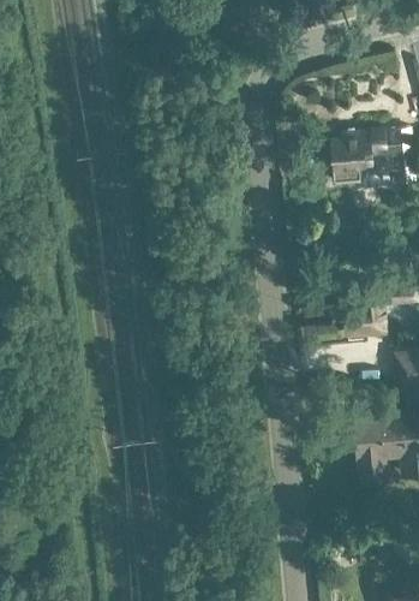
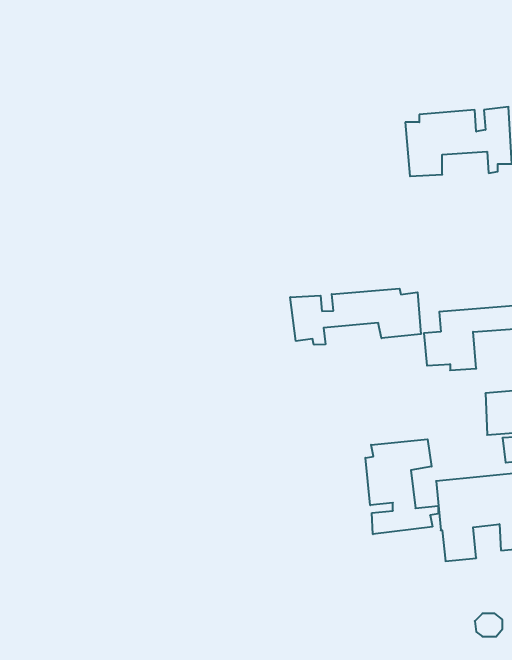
building: none -> [290,289,421,345]
building: none -> [365,439,438,534]

